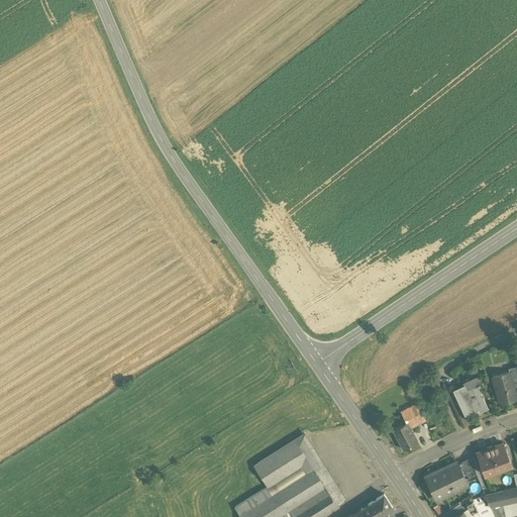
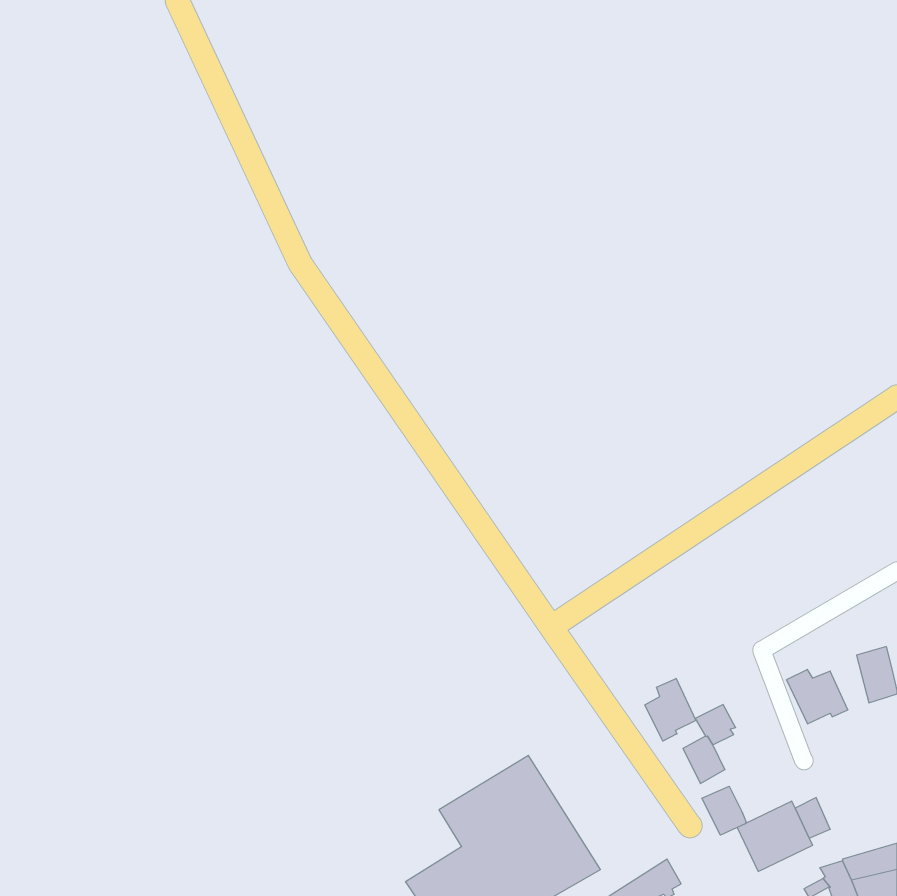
building: none -> [645,678,696,741]
building: [476,444,510,474] -> none
building: none -> [702,786,746,835]

